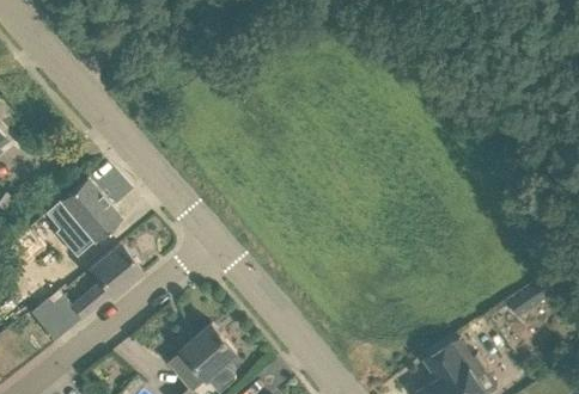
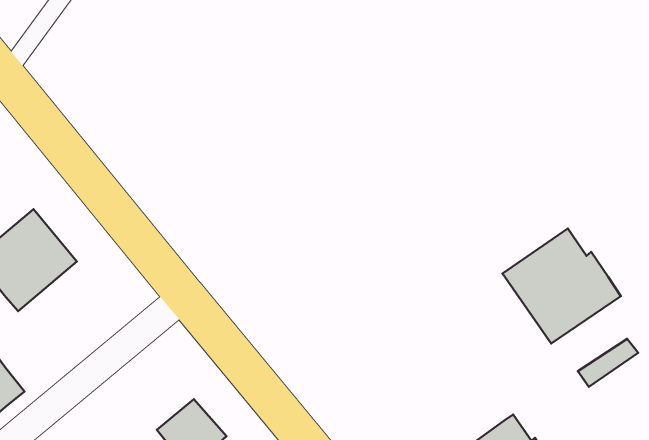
building: none -> [503,229,621,344]
building: [89,247,139,303] -> none

